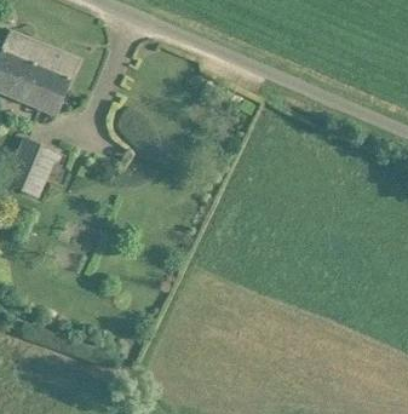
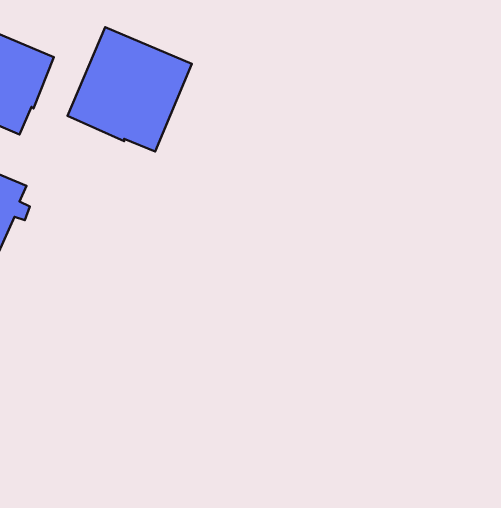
building: none -> [67,27,192,151]

